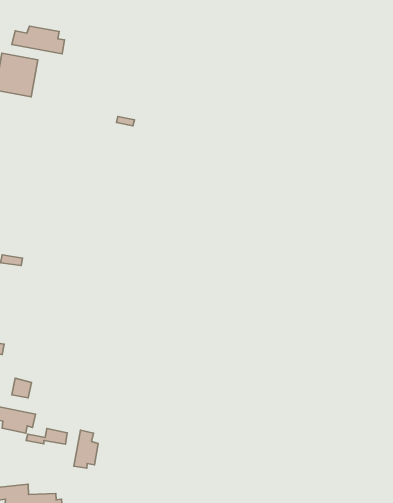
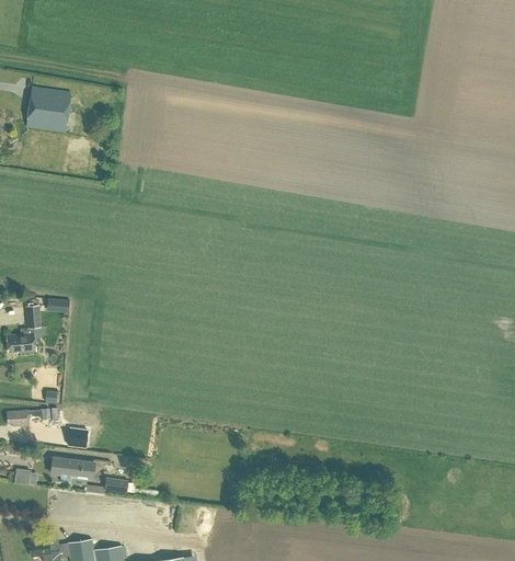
building: [12,26,64,54] -> none
building: [74,430,98,468] -> none

